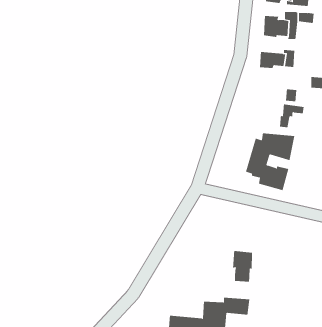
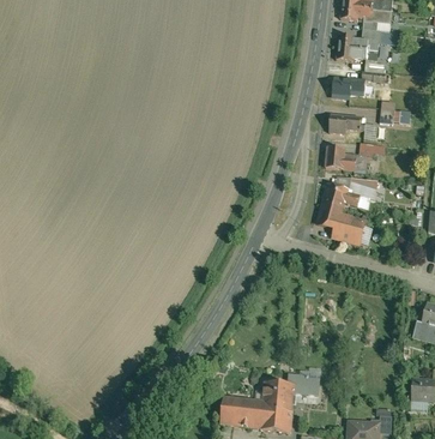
building: none -> [331,110,362,132]
building: none -> [326,143,358,167]
building: [232,250,252,283] -> none

